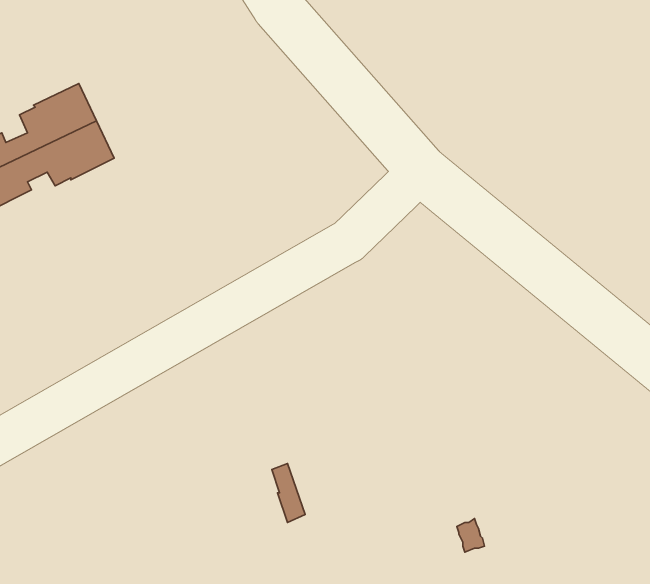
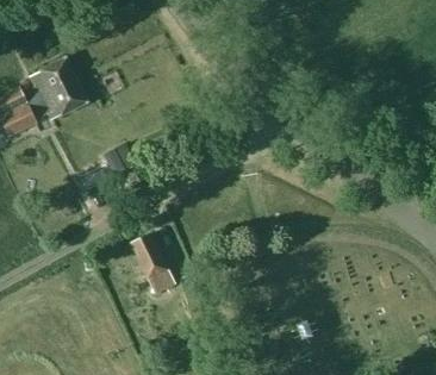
building: none -> [132,233,177,294]

